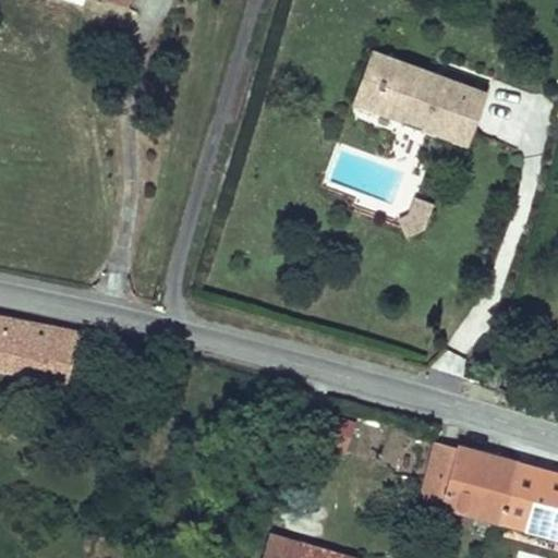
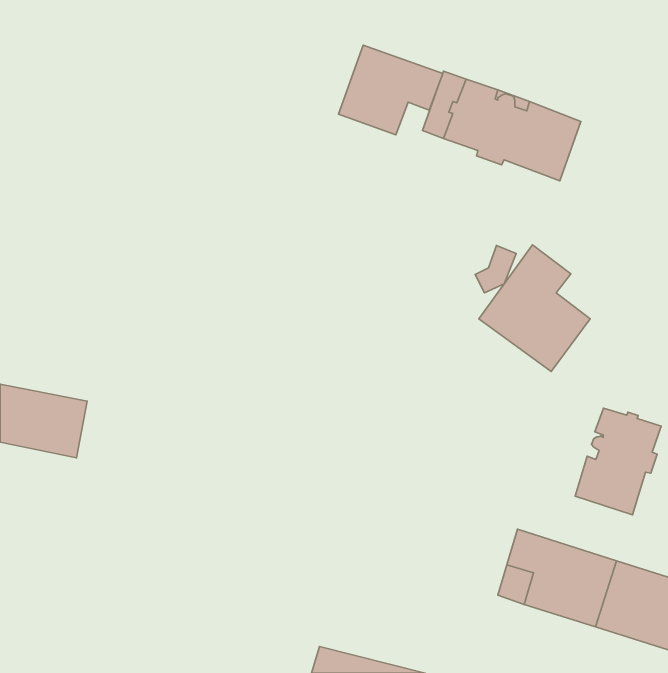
building: none -> [339,45,443,135]
building: none -> [479,245,590,371]
building: none -> [575,408,661,515]

